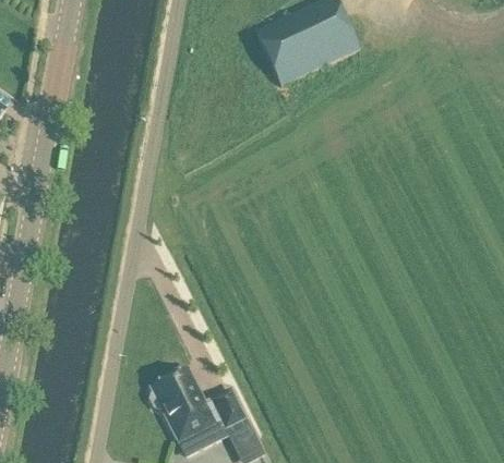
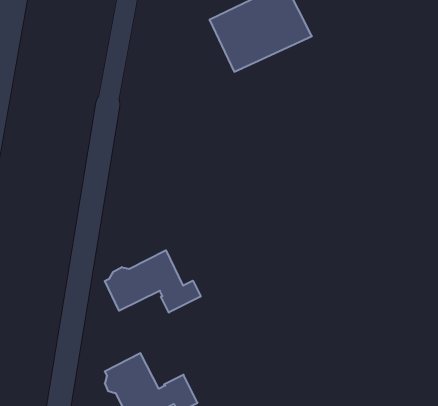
building: none -> [105,250,201,313]

